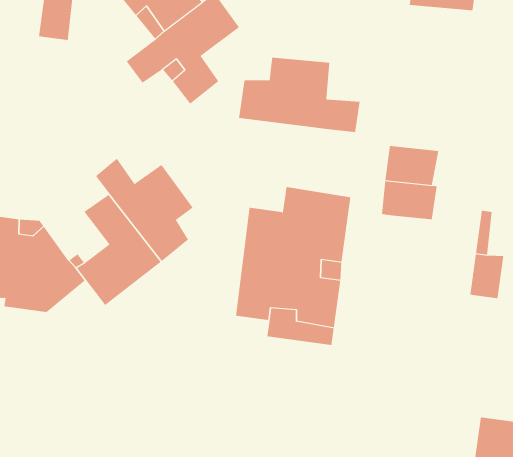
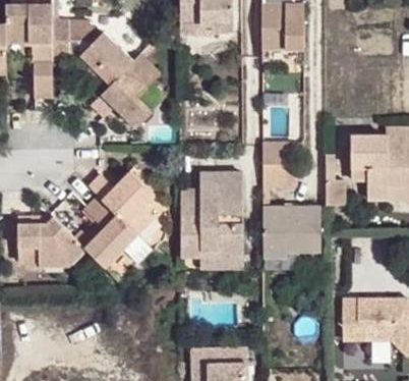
building: [239,57,360,133] -> none
building: none -> [264,202,320,253]

